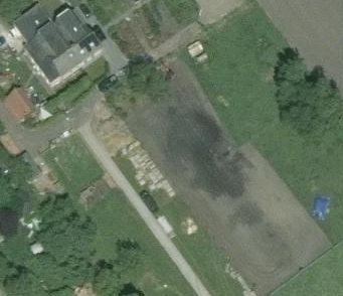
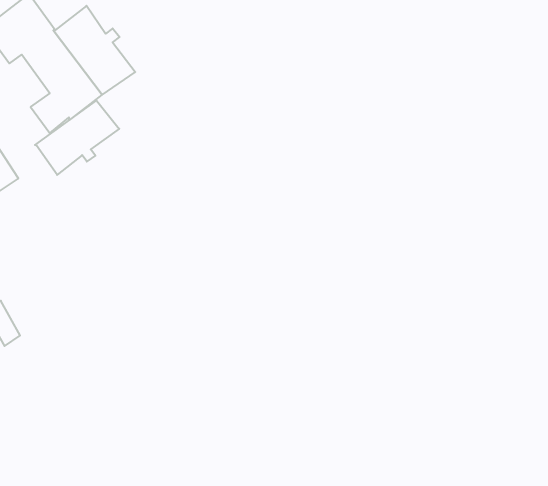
building: none -> [35,101,119,175]

